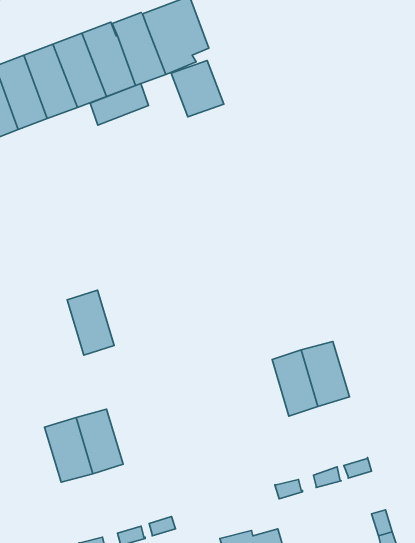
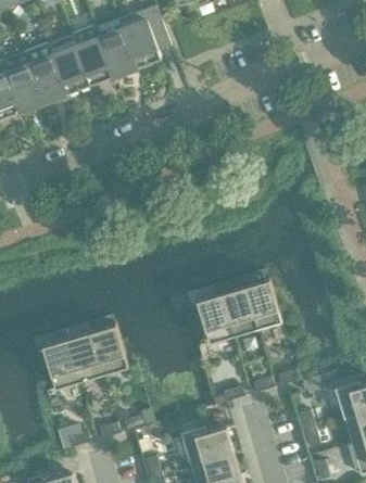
building: [171,60,224,117] -> none
building: [90,83,148,125] -> none
building: [67,290,114,355] -> [91,323,128,374]
building: none -> [197,292,235,343]

